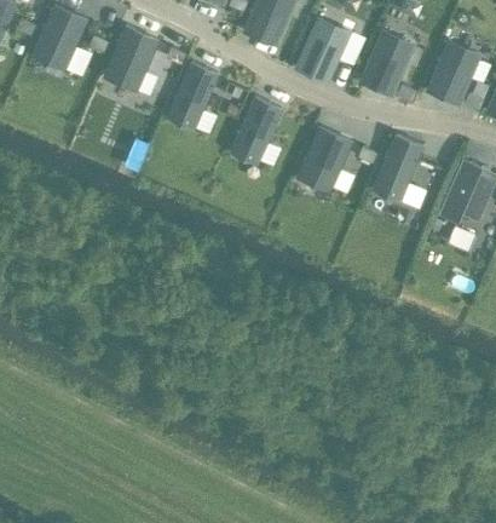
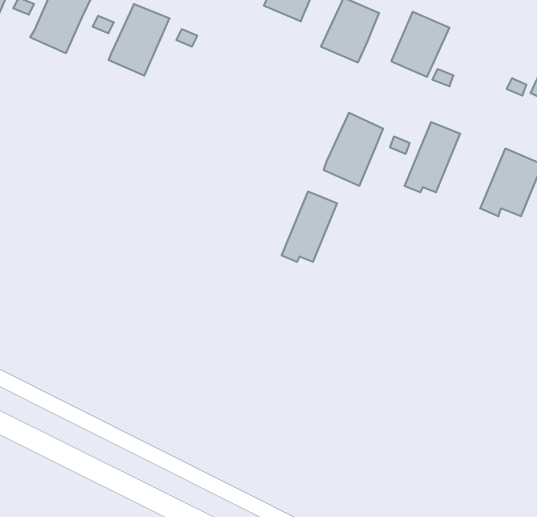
building: [429,44,481,104] -> none
building: [168,63,220,125] -> none
building: [231,98,282,162] -> [281,192,337,262]

